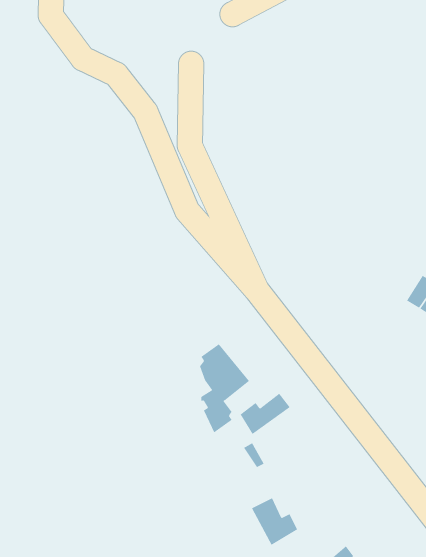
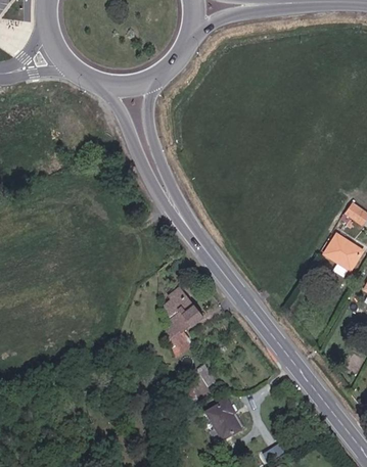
building: [240,393,290,435] -> none

